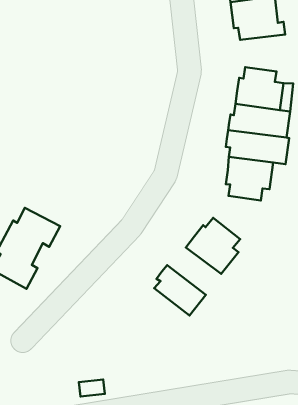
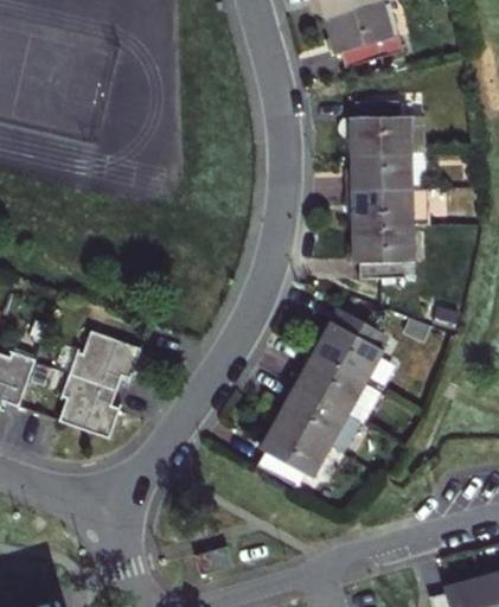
building: none -> [290,356,364,415]
building: none -> [256,416,330,486]

